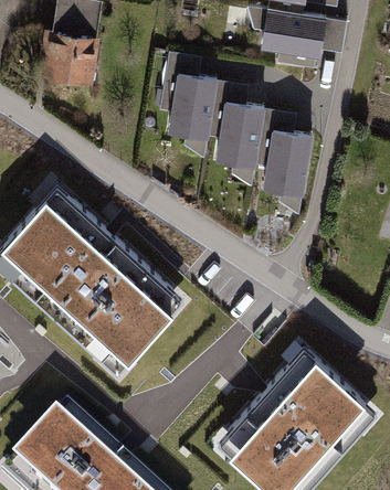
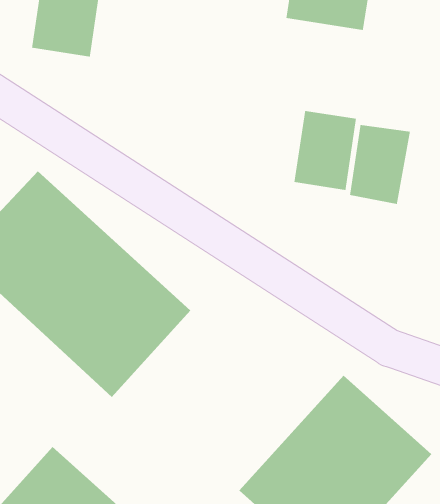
building: [167,73,217,139] -> none
building: [214,102,265,168] -> [349,124,411,205]

